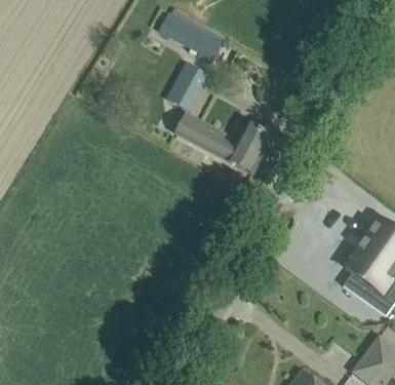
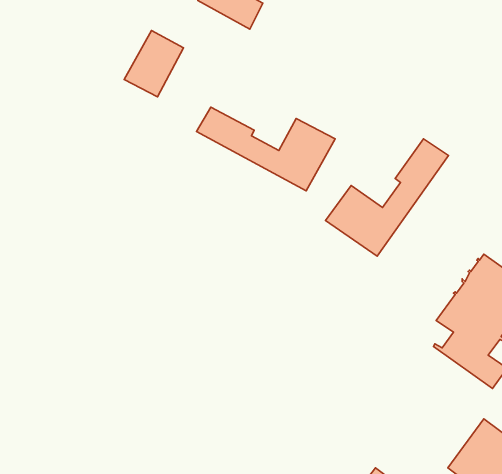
building: [167,62,209,109] -> [124,31,183,97]
building: none -> [326,139,449,256]

